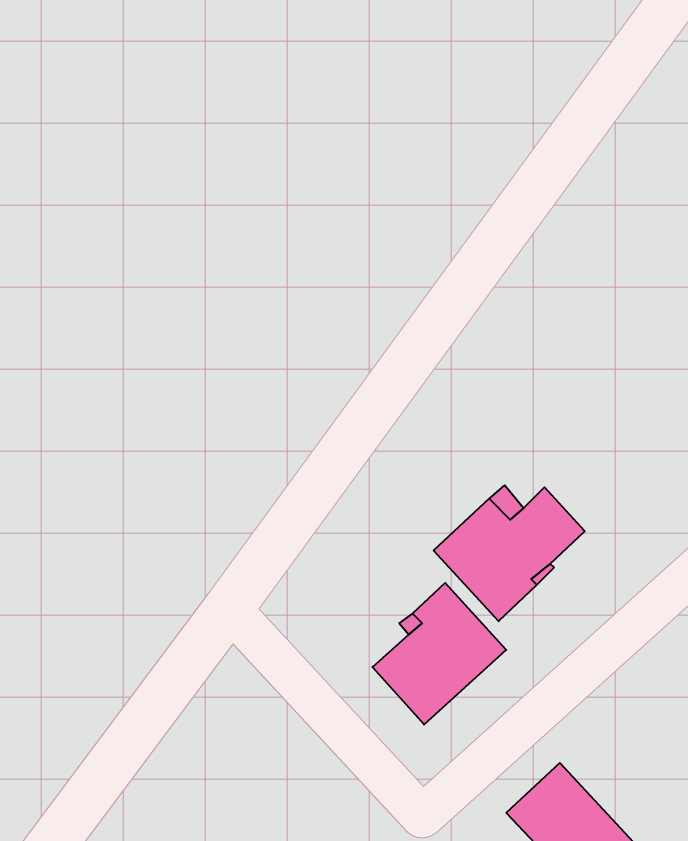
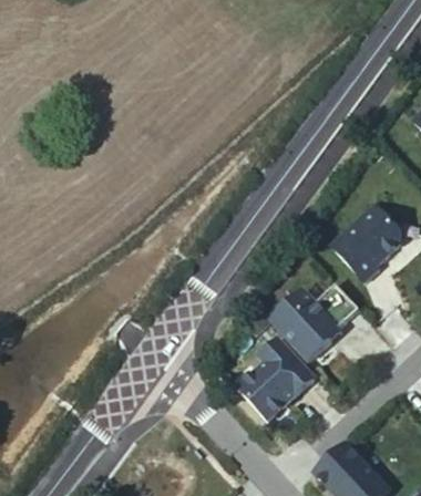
building: none -> [332,205,401,281]

